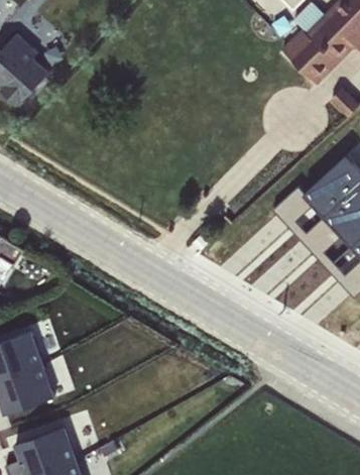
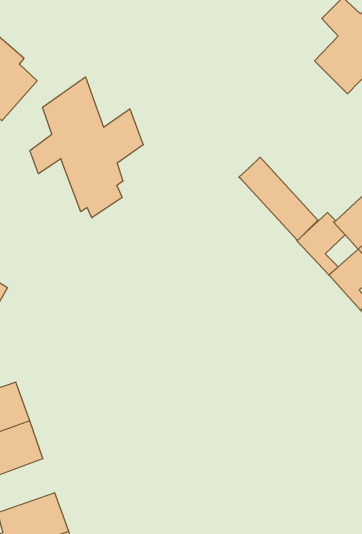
building: none -> [30,77,143,218]
building: none -> [239,157,318,240]

